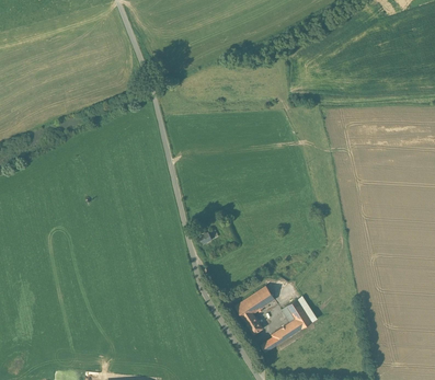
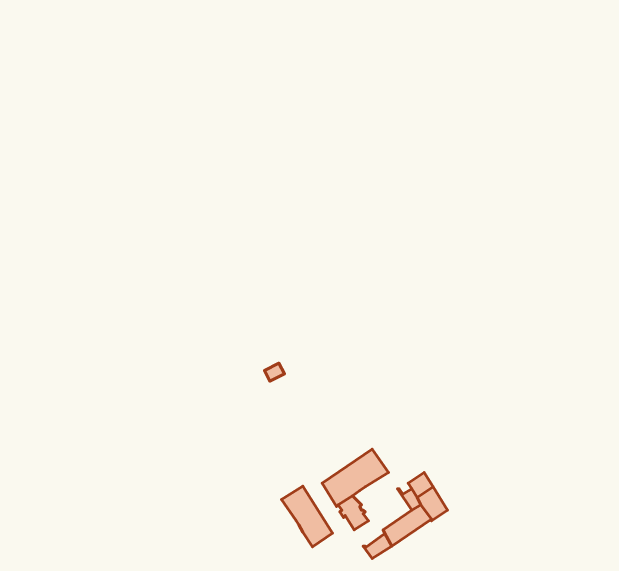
building: none -> [281,486,332,547]

